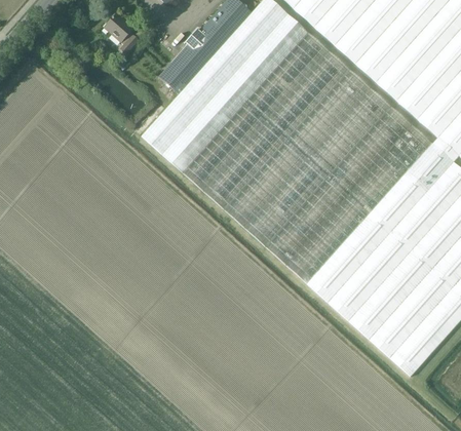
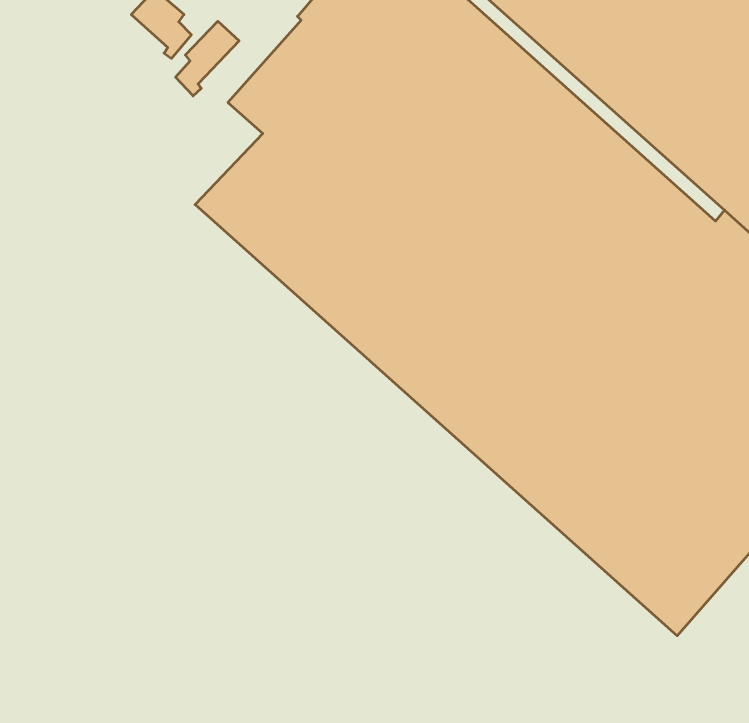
building: none -> [176,21,239,96]

